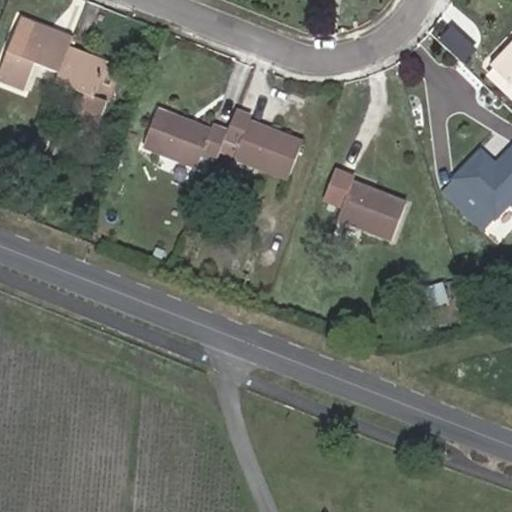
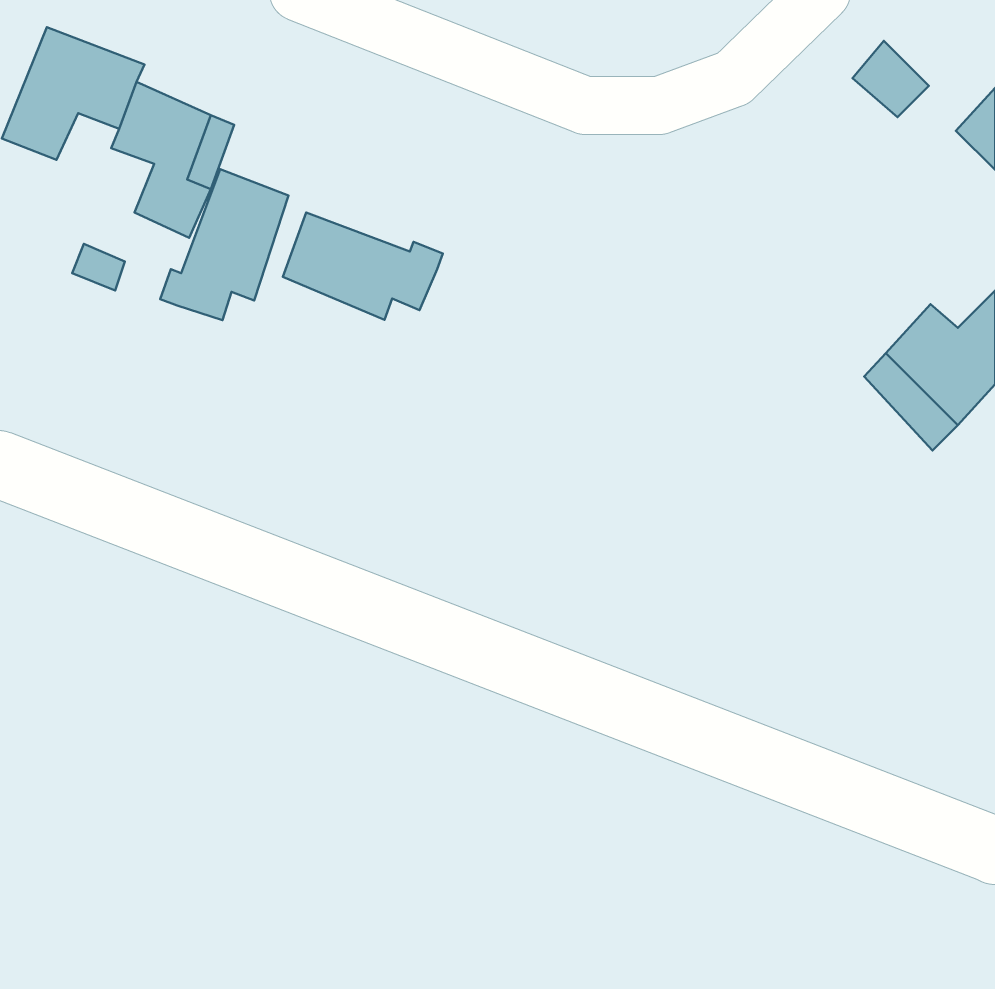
building: none -> [160,169,288,320]
building: [224,108,300,178] -> none
building: [321,171,403,239] -> none

